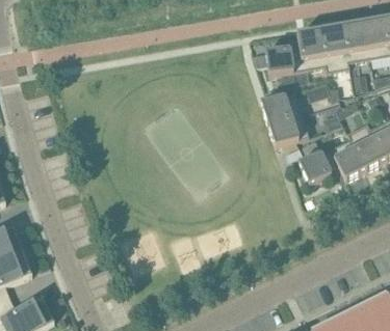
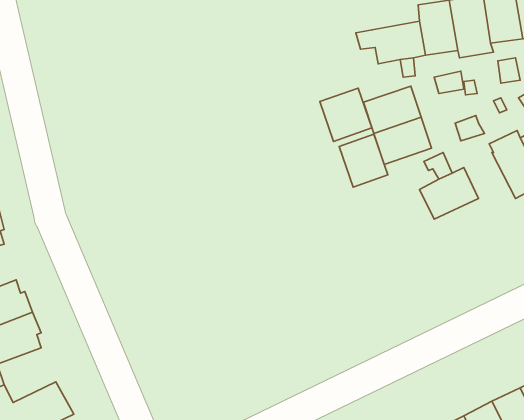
building: none -> [320,88,372,141]
building: none -> [339,134,388,187]
building: [329,137,365,180] -> none

